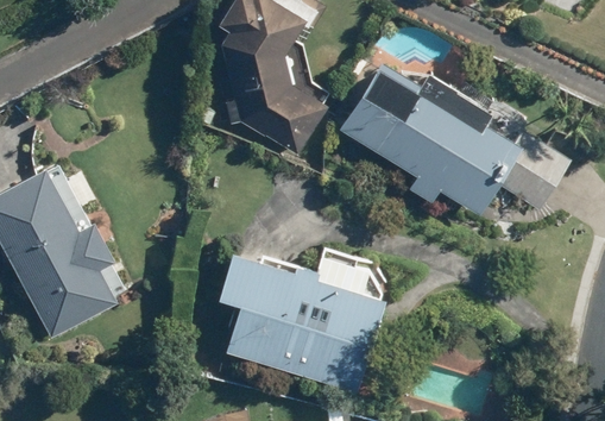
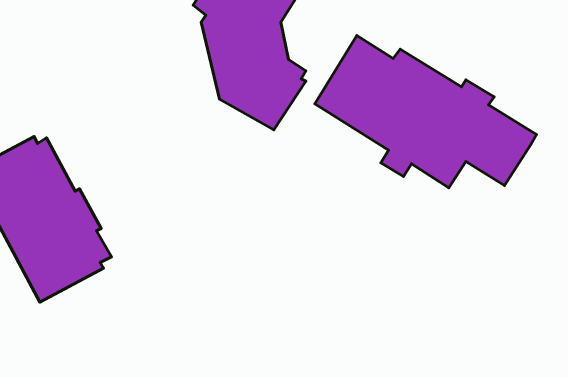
building: [219,253,385,394] -> none

